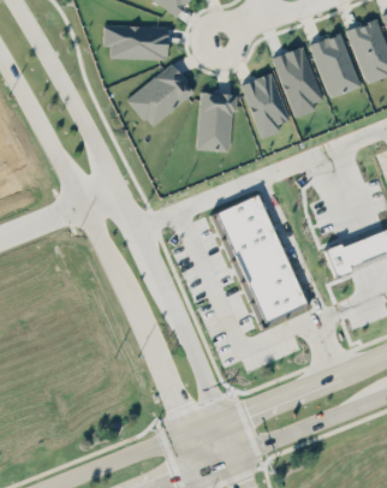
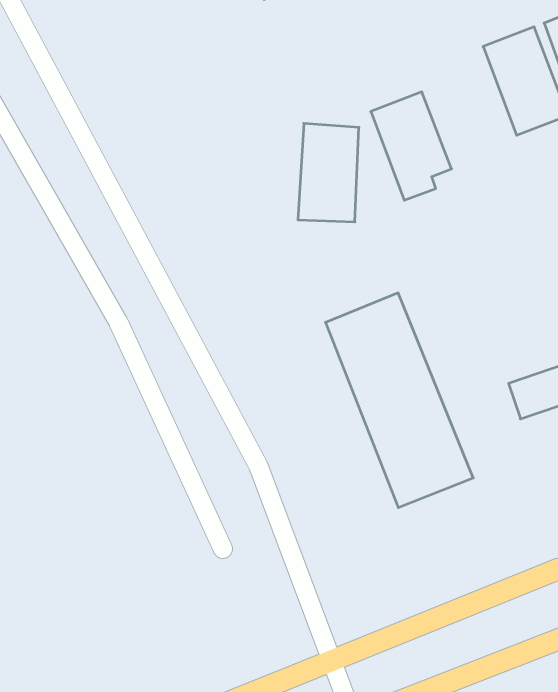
building: [103,25,168,59] -> none
building: [274,46,323,118] -> none
building: [127,65,194,126] -> none

